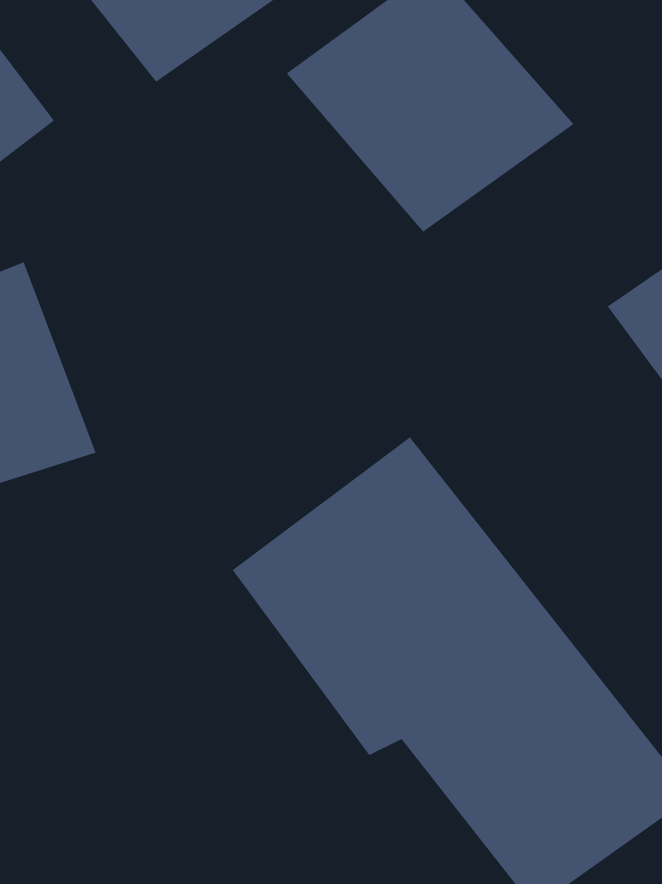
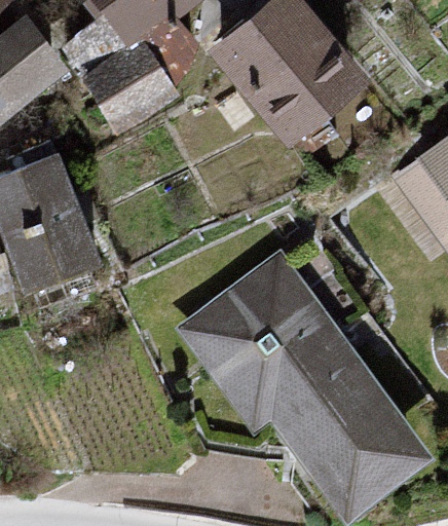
building: none -> [84,51,177,135]

